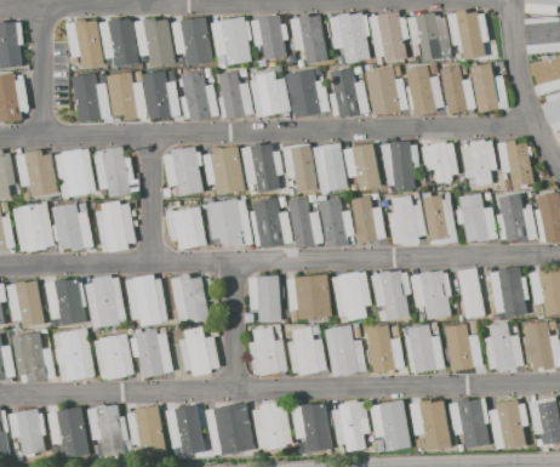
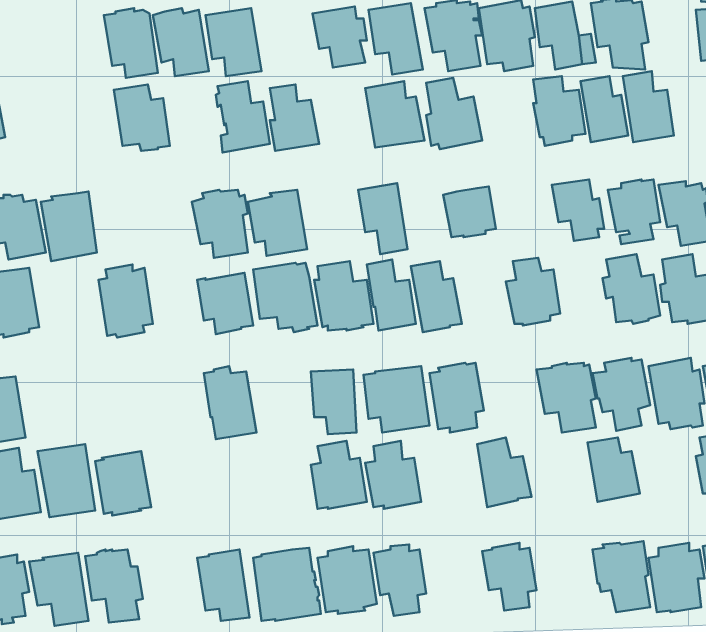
building: [210,17,250,63] -> none
building: [65,18,104,68] -> none
building: [365,67,407,115] -> none
building: [143,70,181,119] -> none
building: [250,70,290,118] -> none
building: [72,73,110,121] -> none
building: [381,139,421,189] -> none
building: [312,142,347,194] -> none
building: [241,143,282,193] -> none
building: [93,146,133,197] -> none
building: [422,194,457,246] -> none
building: [350,195,385,243] -> none
building: [53,204,92,250] -> none
building: [371,269,411,320] -> none
building: [85,274,126,328] -> none
building: [125,274,167,326] -> none
building: [46,278,84,326] -> none
building: [482,323,524,370] -> none
building: [324,324,366,376] -> none
building: [404,324,444,374] -> none
building: [178,326,218,376] -> none
building: [135,330,172,376] -> none
building: [408,398,450,450] -> none
building: [331,401,368,451] -> none
building: [126,408,164,452] -> none

